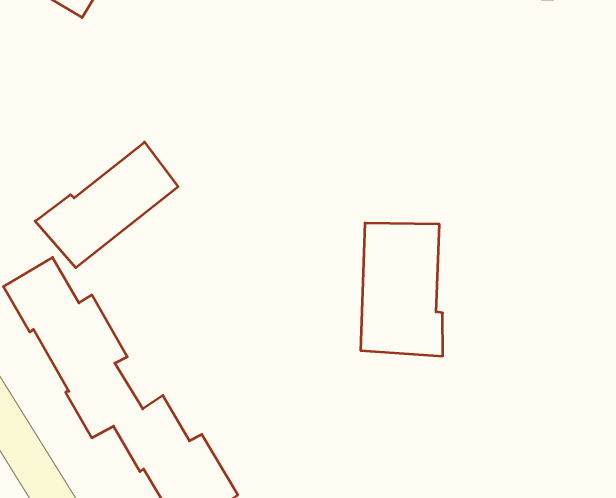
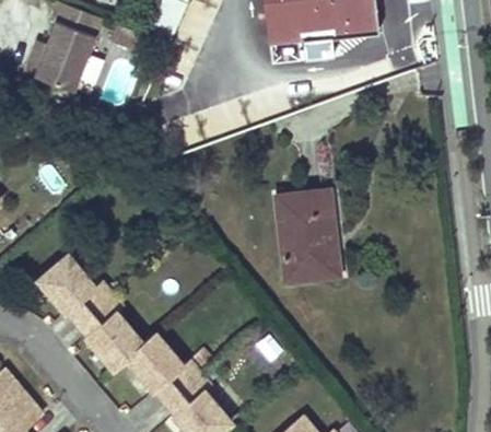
building: [35,142,178,268] -> none

